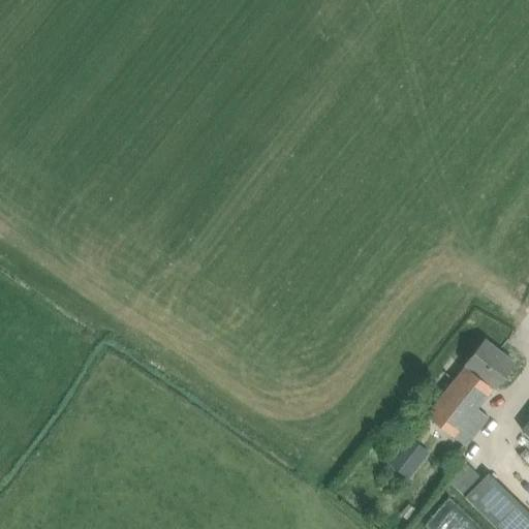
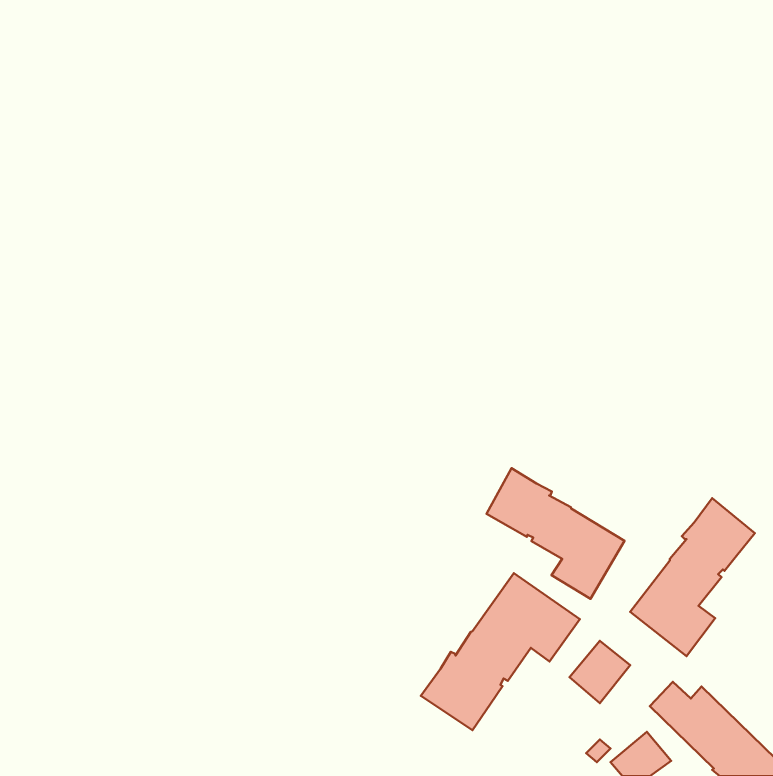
building: none -> [486,468,625,599]
building: none -> [421,573,580,730]

